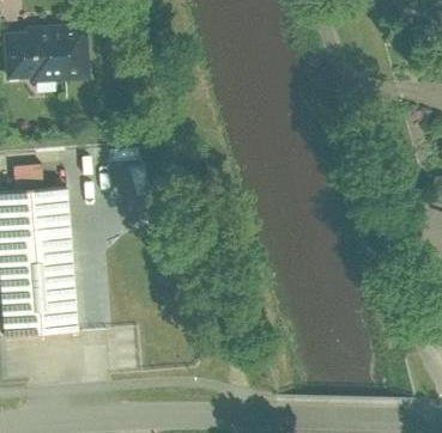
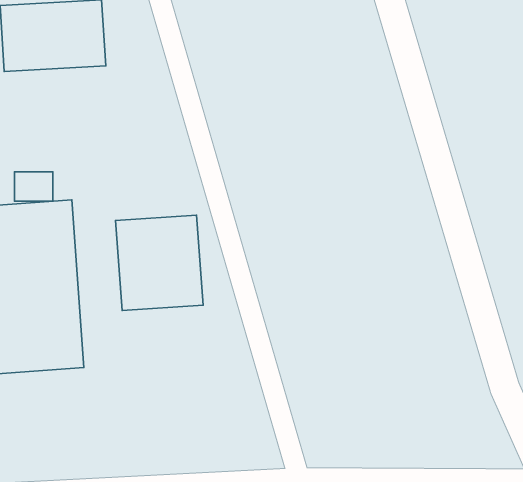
building: none -> [116,215,203,311]

